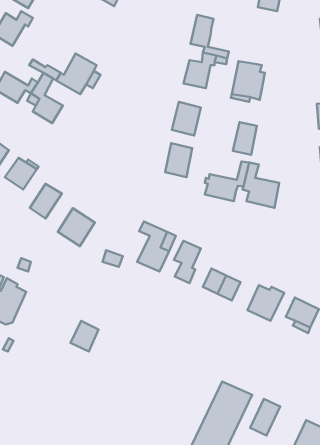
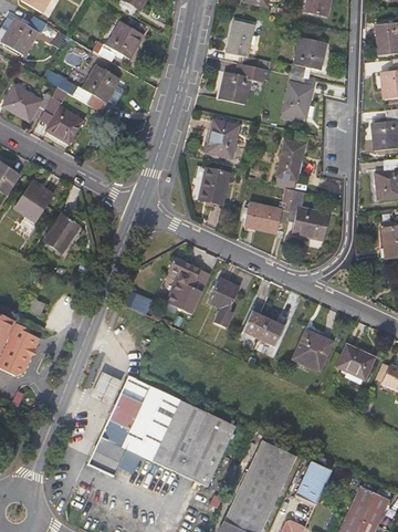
building: none -> [96,21,144,61]
building: none -> [280,36,325,76]
building: [58,208,95,246] -> none
building: none -> [86,375,235,486]

